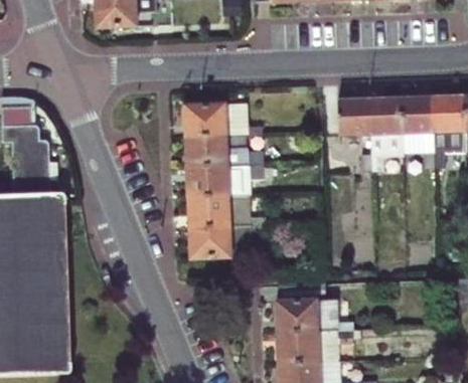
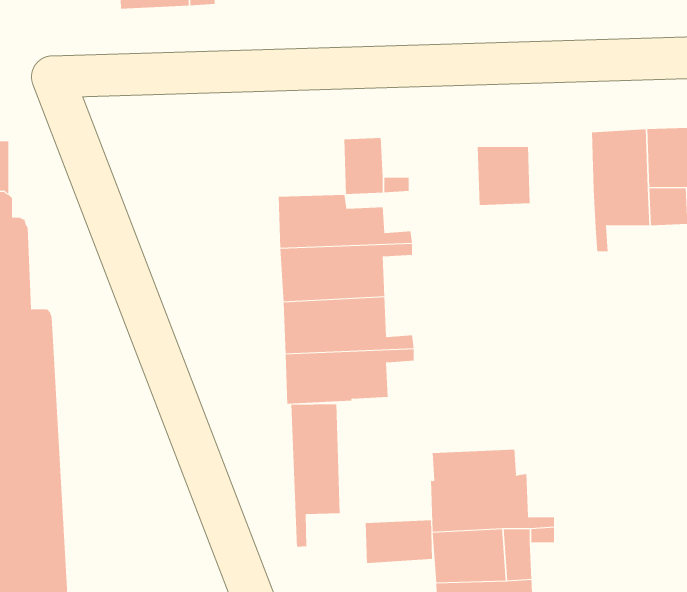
building: [339,101,370,135] -> [477,146,531,205]
building: [186,105,226,138] -> none
building: none -> [291,404,340,548]
building: none -> [365,519,432,564]

